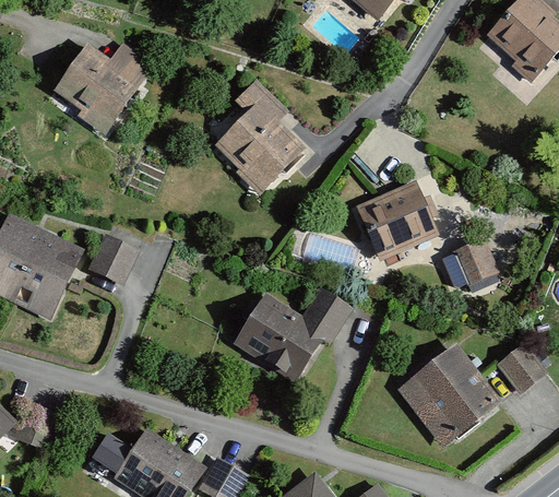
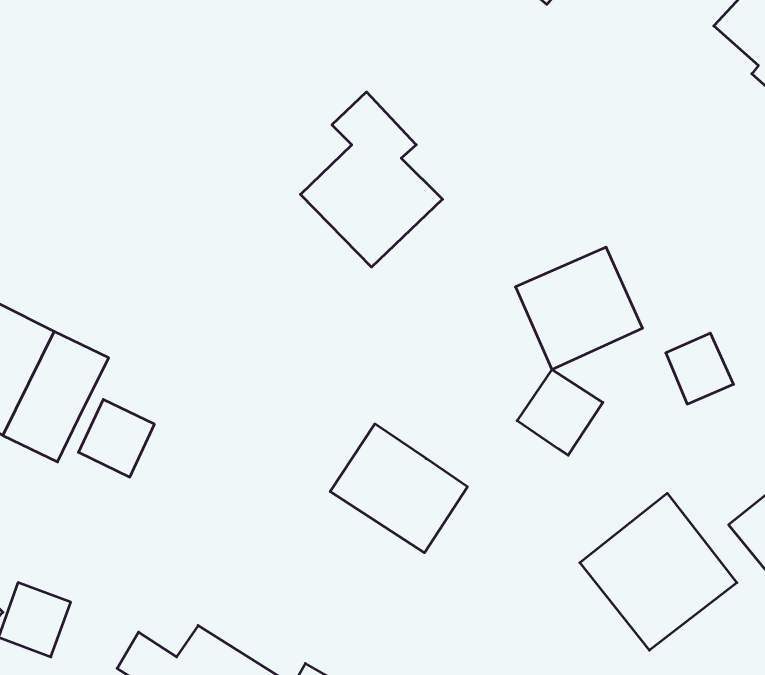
building: [53,43,154,134] -> none
building: [88,234,139,285] -> [78,399,154,477]
building: [296,286,353,343] -> [517,369,603,455]

